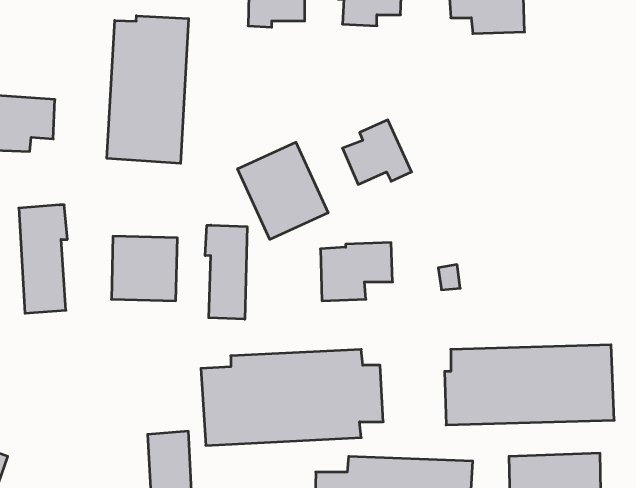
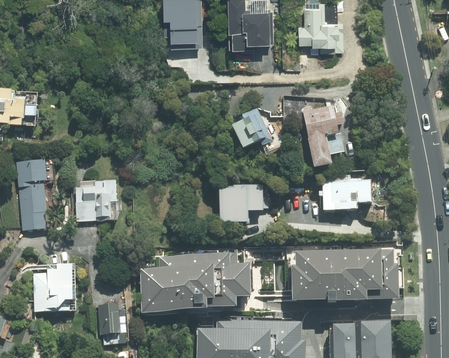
building: [107,16,189,163] -> none
building: none -> [297,103,338,166]
building: [238,142,328,239] -> none
building: [205,225,247,319] -> none
building: none -> [324,180,365,209]
building: none -> [35,265,76,311]

